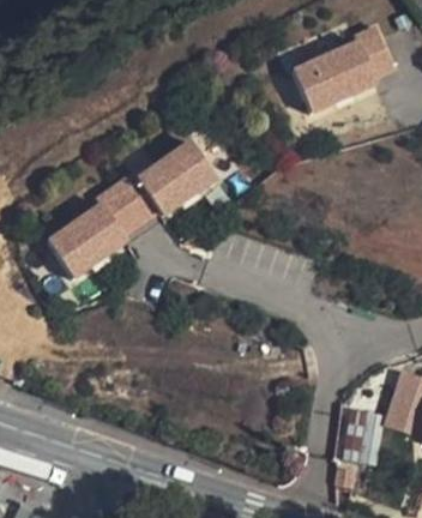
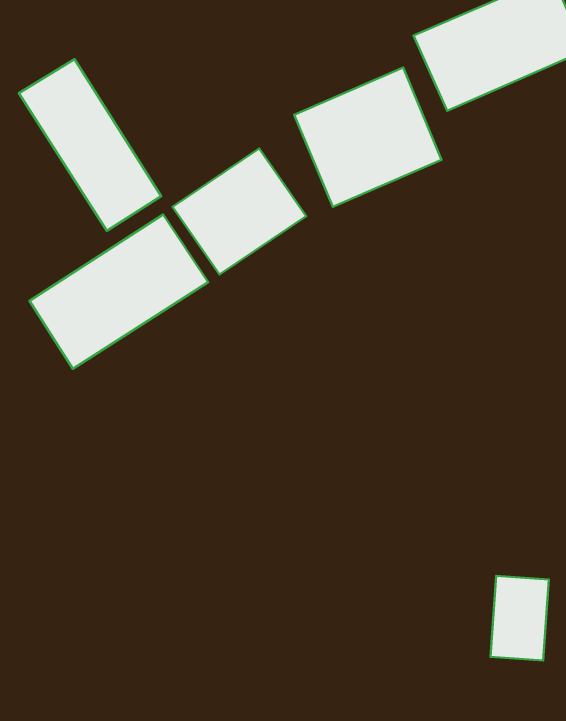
building: none -> [19,59,161,231]
building: none -> [294,68,442,207]

